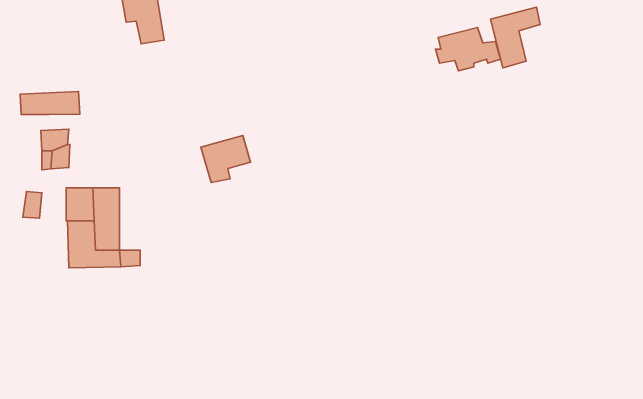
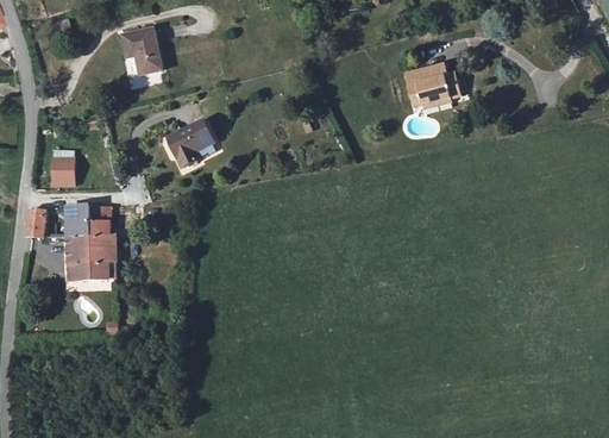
building: [490,7,540,68] -> none
building: [20,91,80,115] -> none
building: [201,136,251,183] -> [159,120,206,164]

